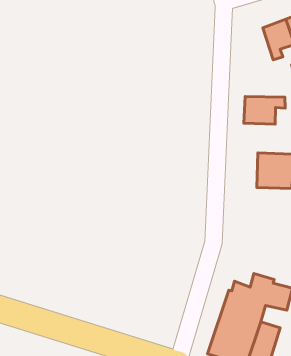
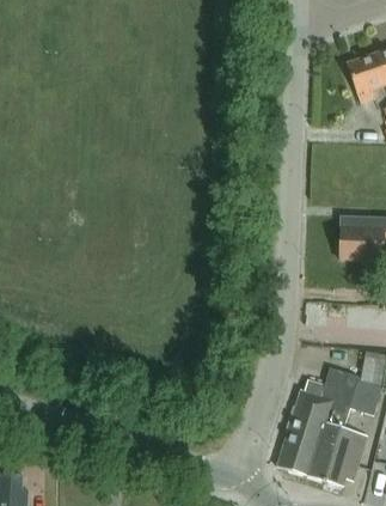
building: [244,96,285,124] -> none

